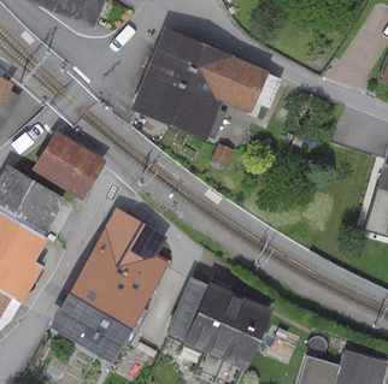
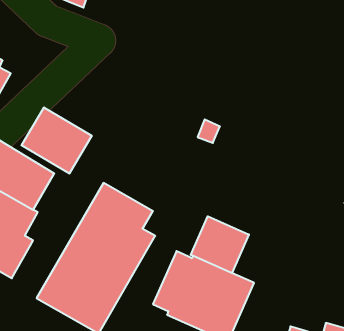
building: [130,30,282,143] -> none
building: none -> [191,216,249,273]

